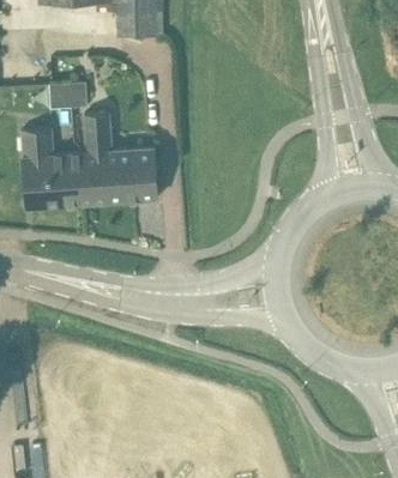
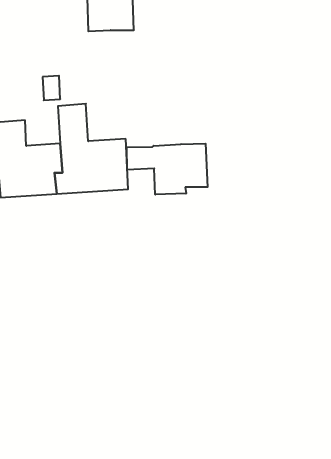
building: none -> [127,144,208,195]

